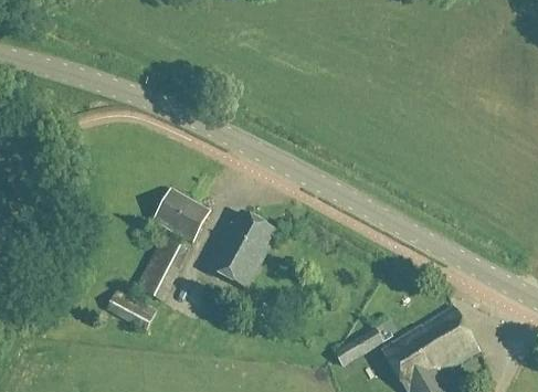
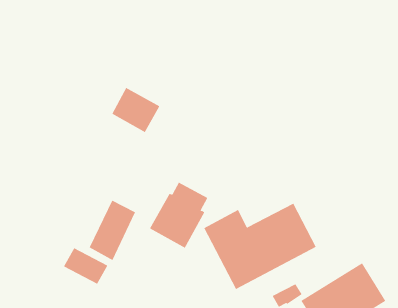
building: [152,189,209,242] -> [112,87,160,133]
building: none -> [203,203,317,290]

